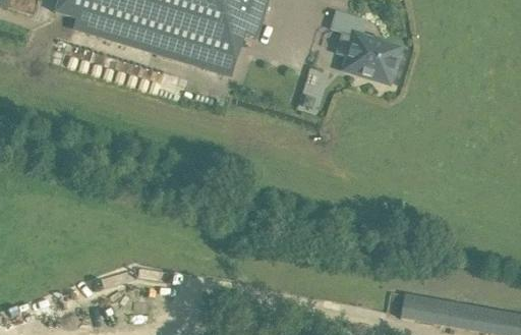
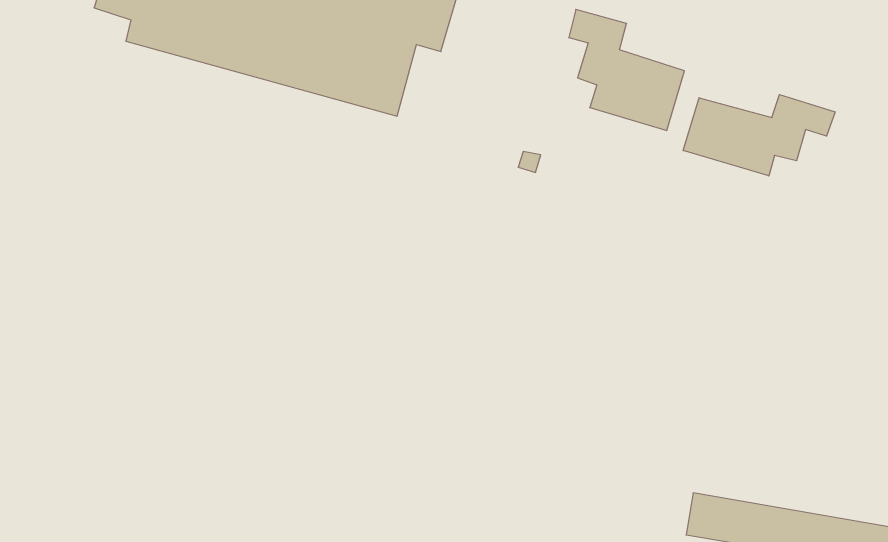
building: none -> [683,95,835,176]

